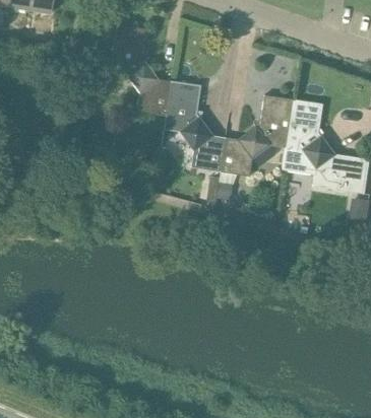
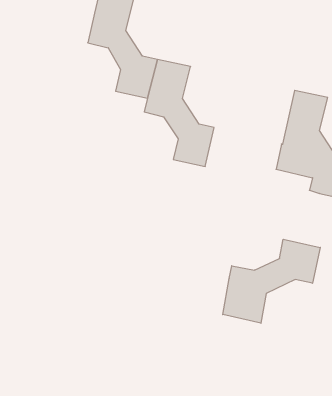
building: [217,94,294,200] -> none
building: none -> [223,239,320,323]

